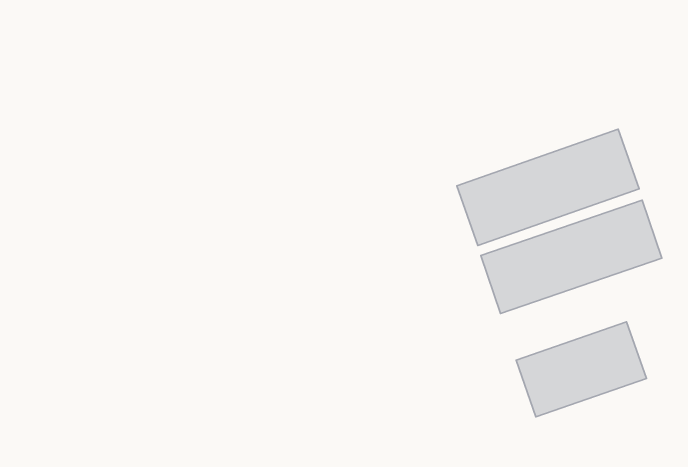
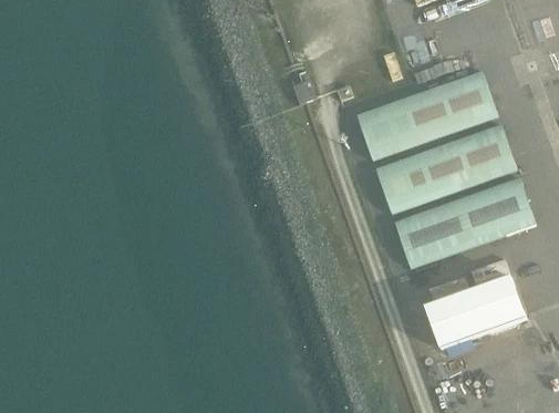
building: none -> [356,71,499,161]

